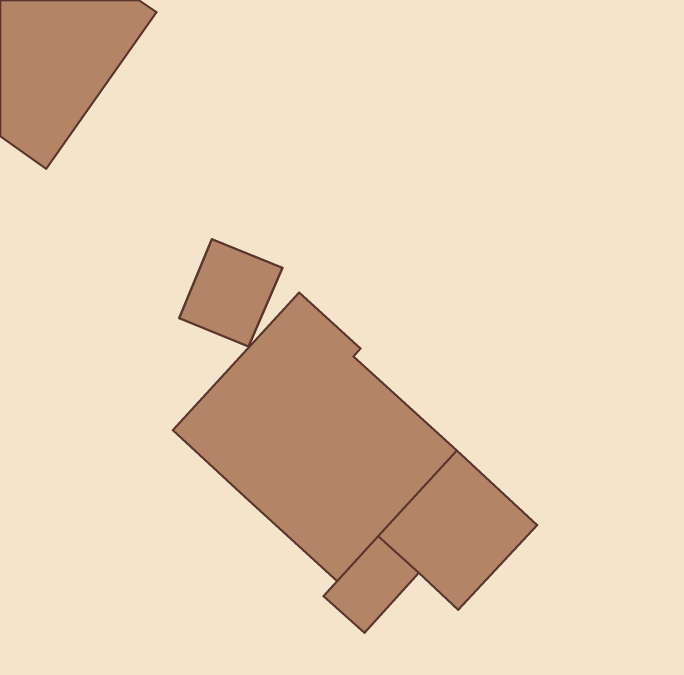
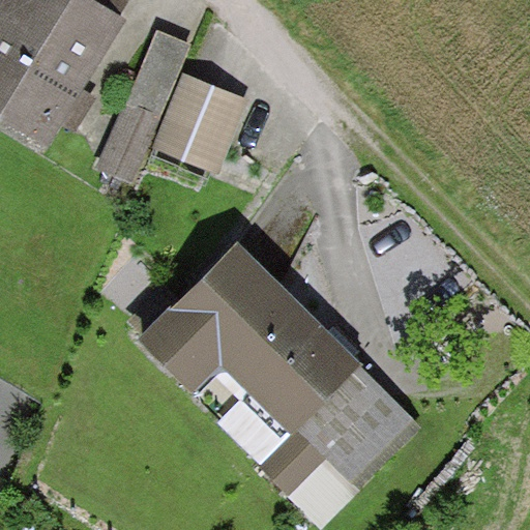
building: none -> [100,32,196,178]
building: [179,239,282,347] -> [163,84,241,166]

